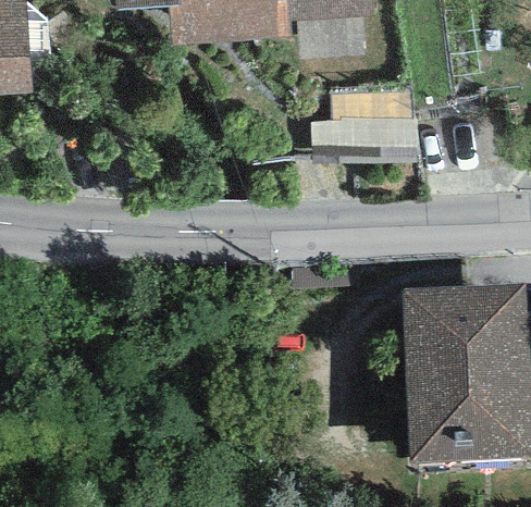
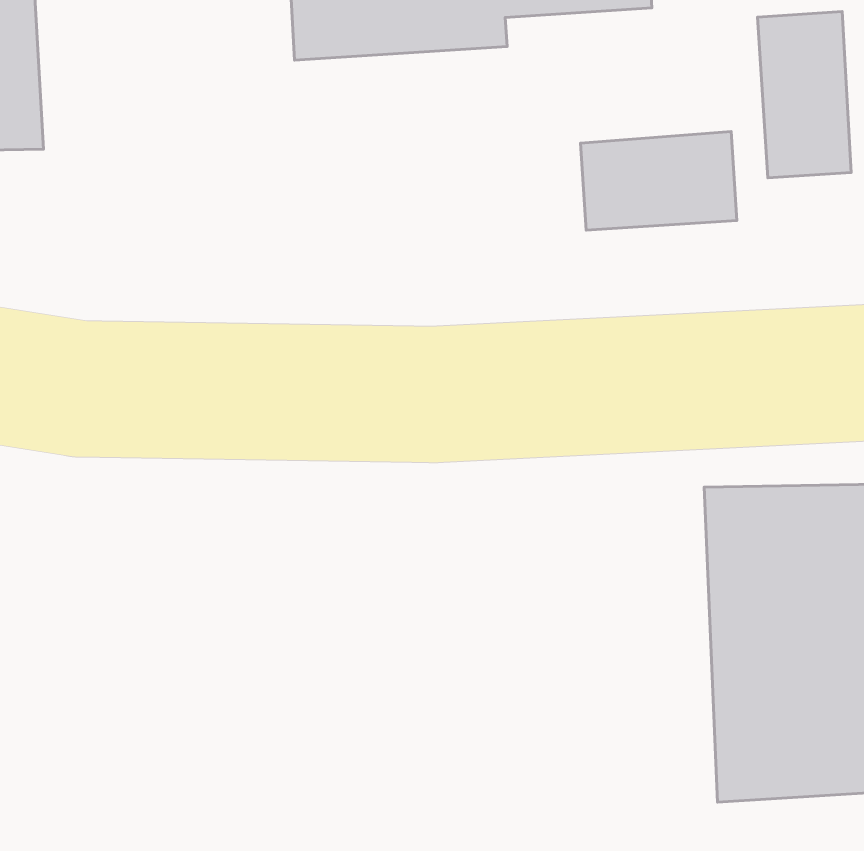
building: none -> [757,12,851,178]

